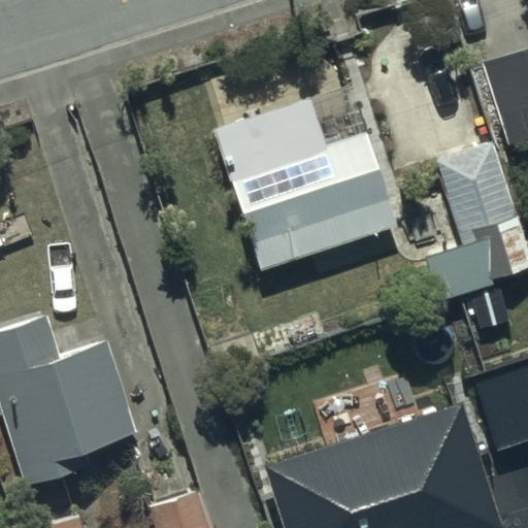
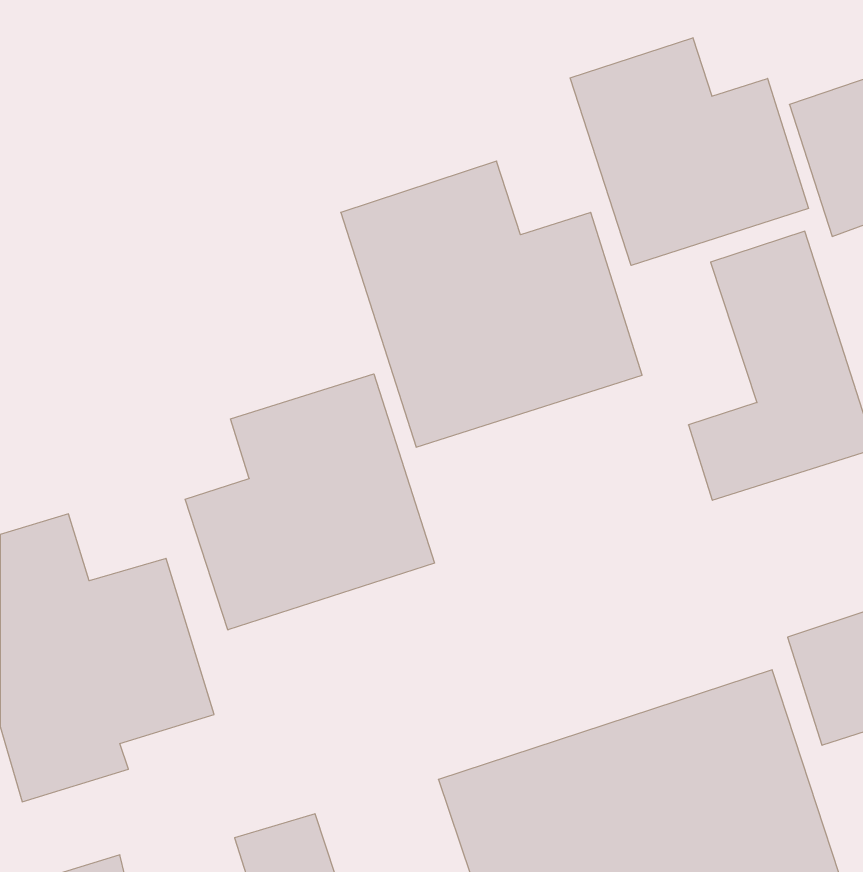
building: none -> [570,38,808,265]
building: none -> [185,374,434,630]

